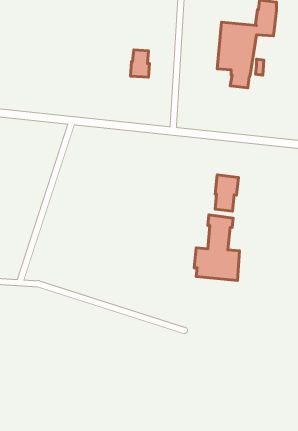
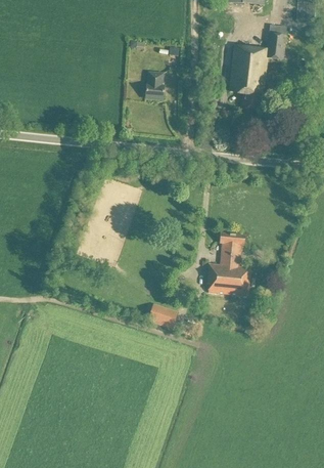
building: [215,175,238,211] -> none
building: none -> [148,302,179,328]

